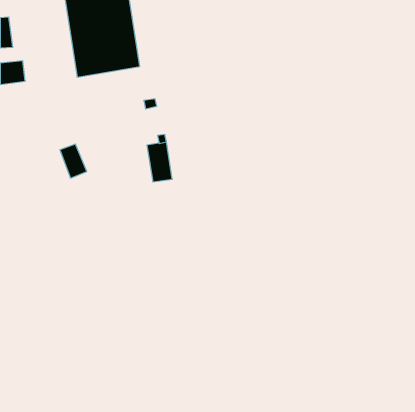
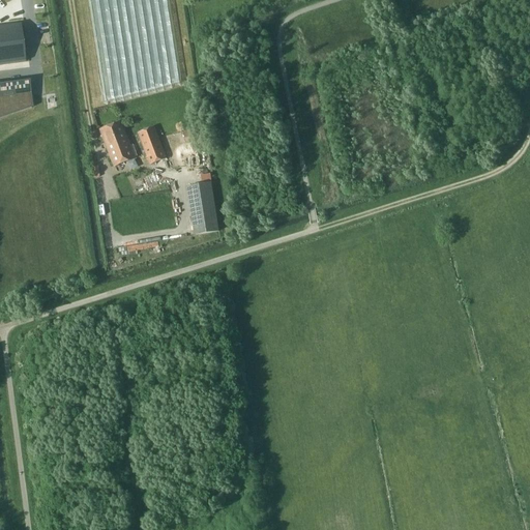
building: none -> [139,125,167,161]
building: [60,144,87,178] -> [101,120,136,164]

